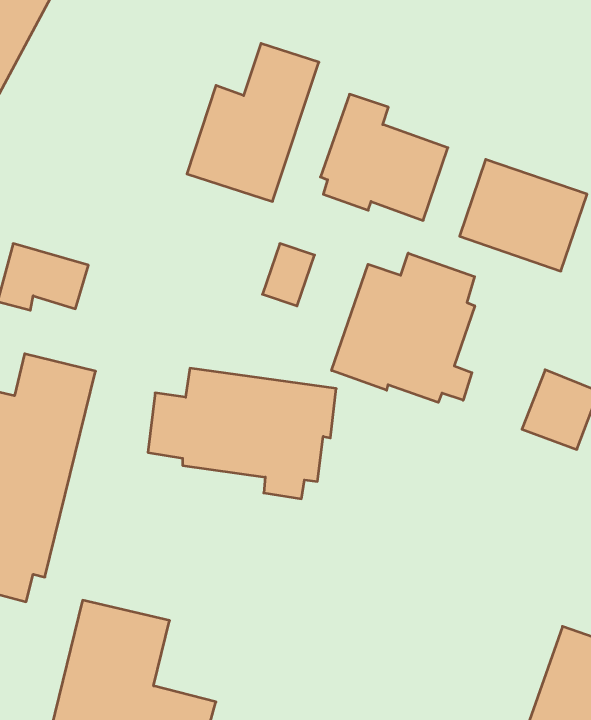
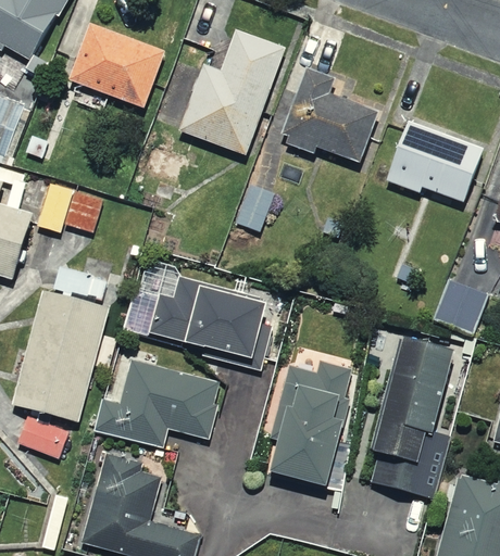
building: none -> [65,23,166,111]
building: [332,253,475,402] -> none
building: none -> [370,338,453,502]
building: none -> [95,356,223,445]
building: none -> [261,367,355,488]

